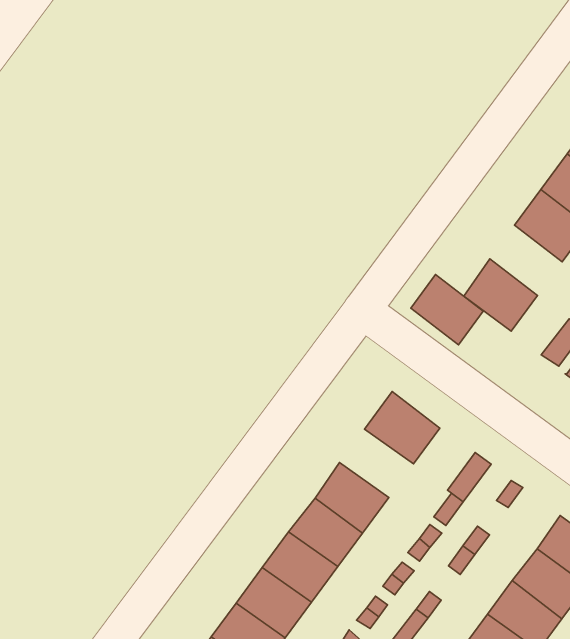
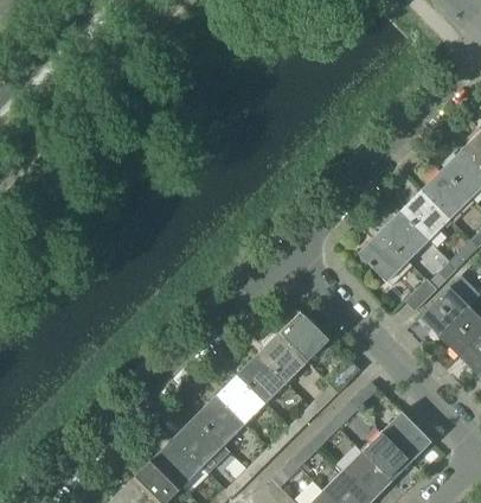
building: [411,274,483,345] -> [380,210,429,260]
building: none -> [258,332,308,381]

